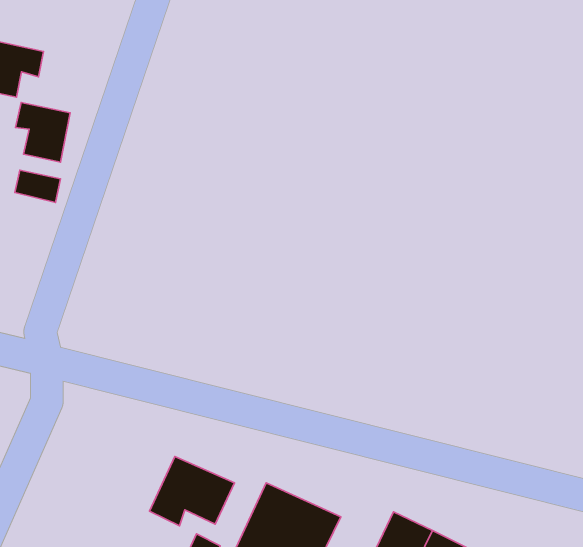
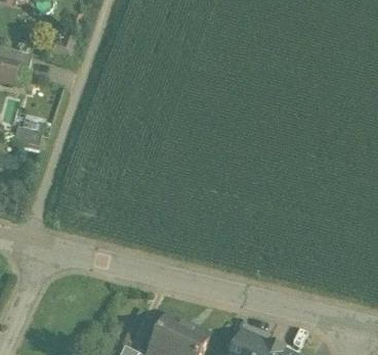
building: [16,102,70,162] -> none
building: [149,457,234,526] -> none

